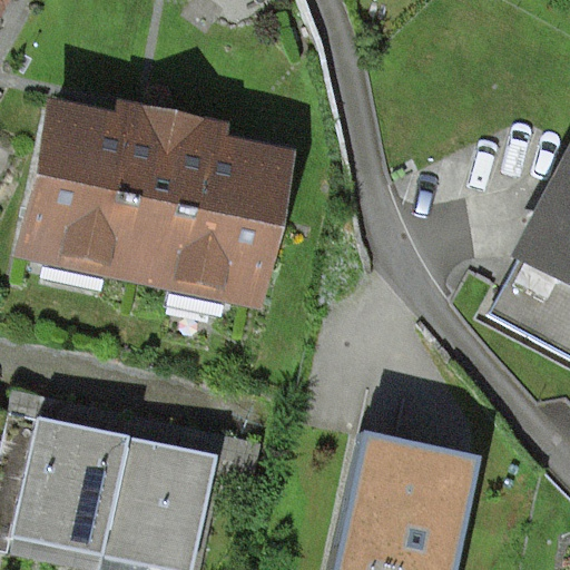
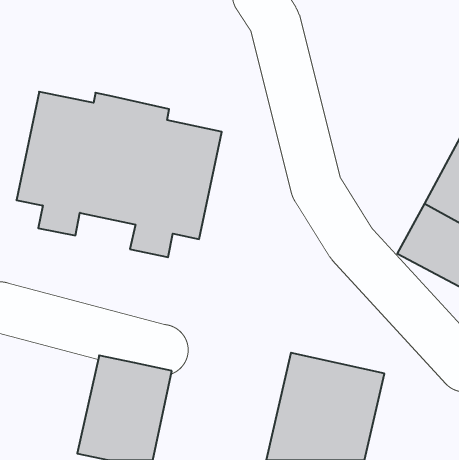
building: [12,416,128,556] -> none

